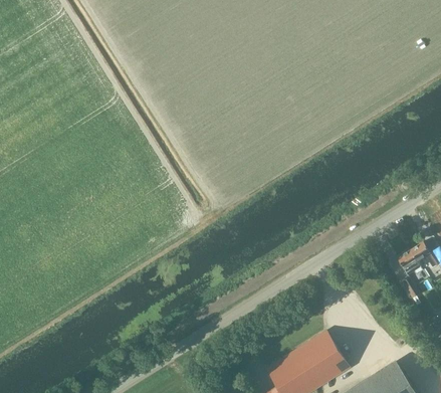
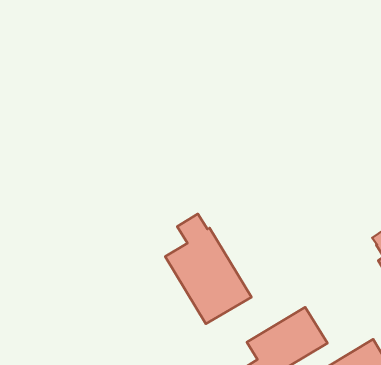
building: none -> [165,214,252,324]

